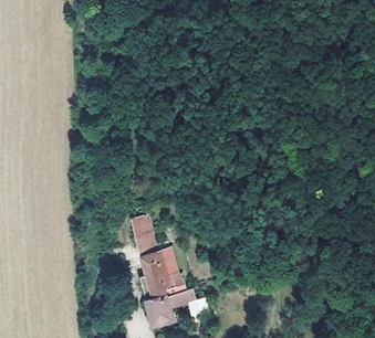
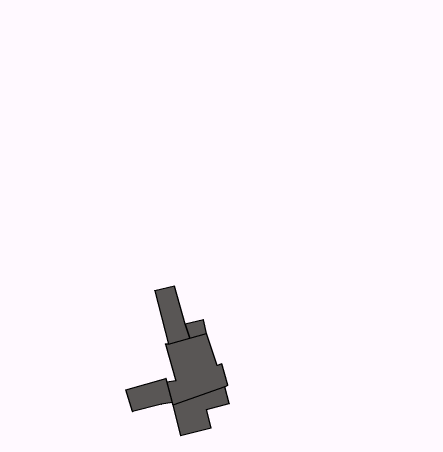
building: none -> [126,378,172,412]

